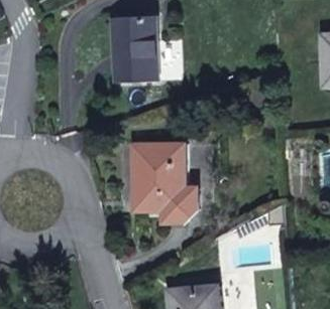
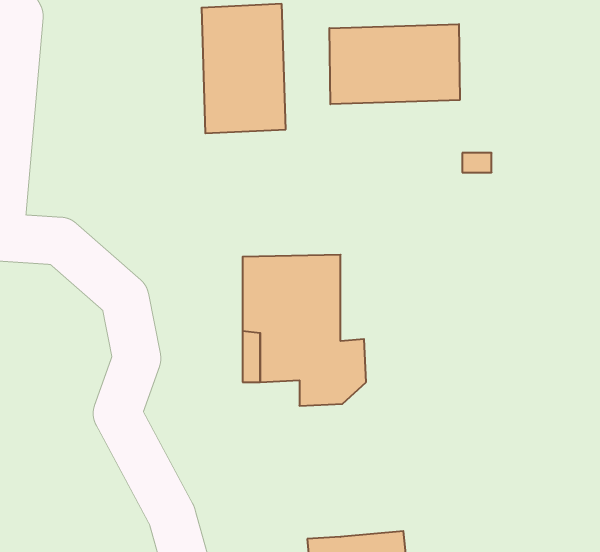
building: none -> [329,24,460,104]

